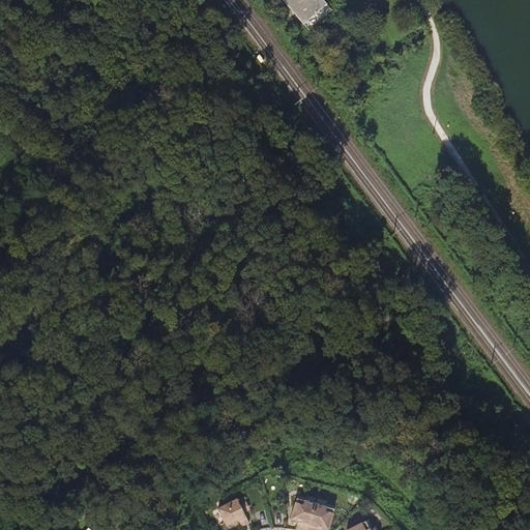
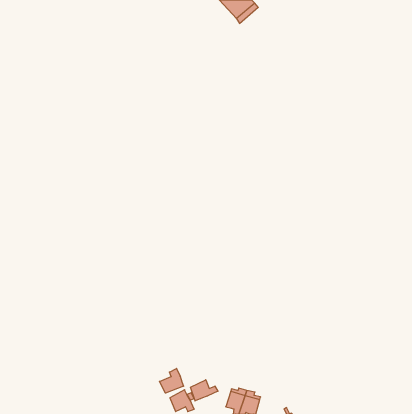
building: none -> [159,368,184,393]
building: none -> [191,380,218,401]

